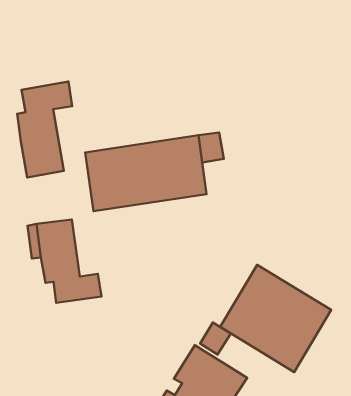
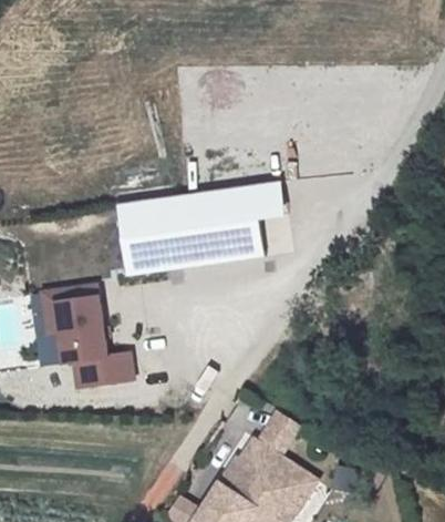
building: [17,82,72,178] -> none
building: [220,265,331,372] -> none

